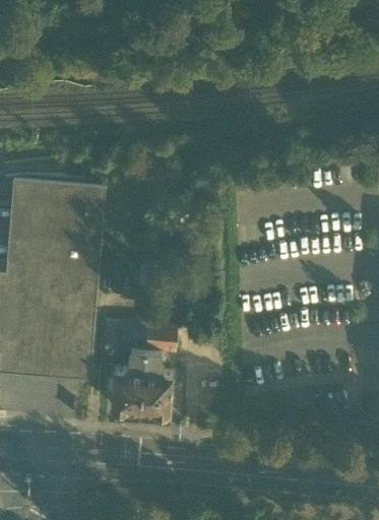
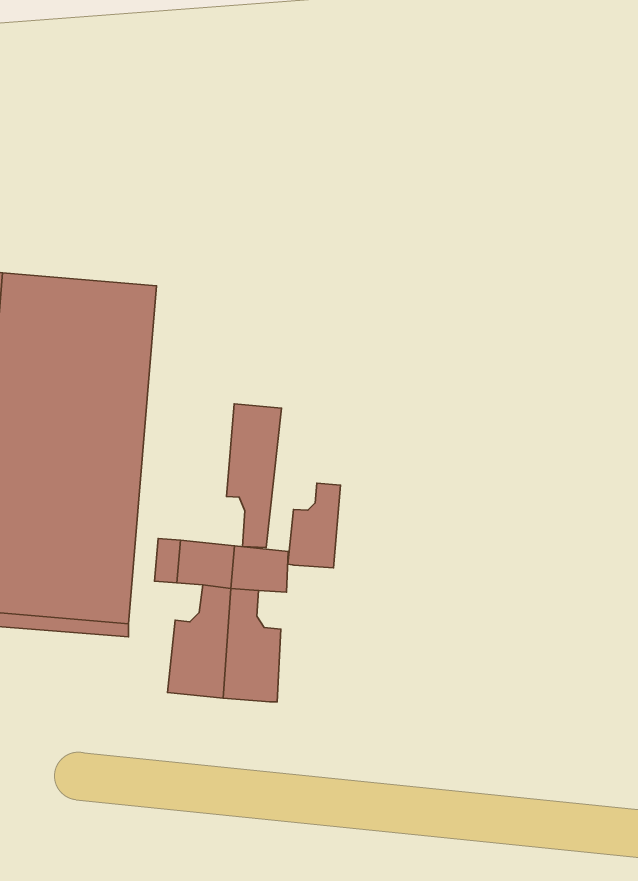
building: none -> [226,404,281,547]
building: none -> [288,483,341,568]

